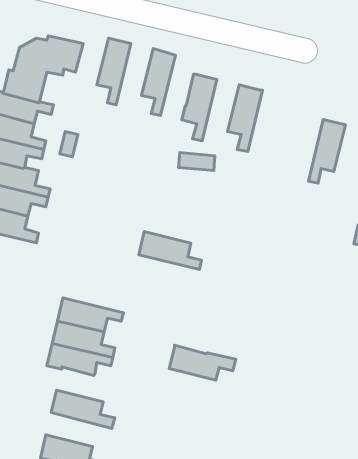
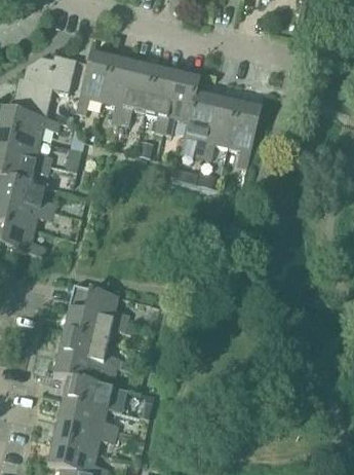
building: none -> [75,51,112,113]
building: none -> [119,62,155,123]
building: none -> [162,73,199,134]
building: [308,120,346,183] -> [202,97,238,158]
building: [139,231,202,270] -> [68,286,128,323]
building: [169,345,236,380] -> [62,375,126,409]
building: none -> [51,419,115,452]

